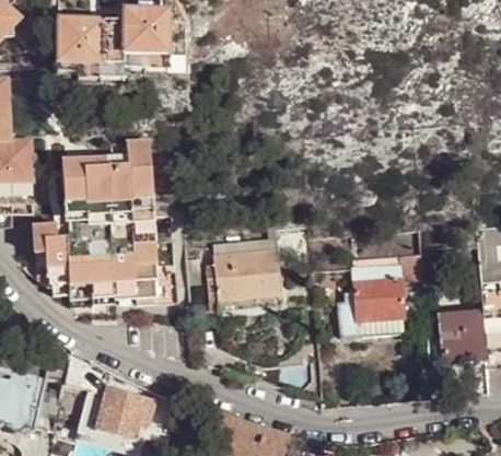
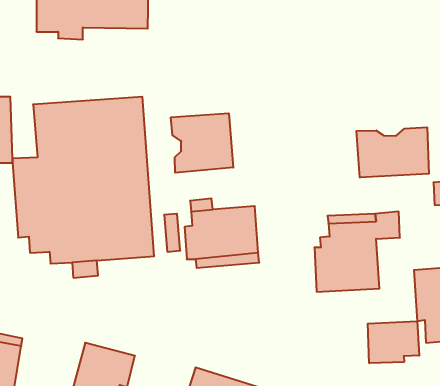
building: none -> [171,113,233,173]
building: none -> [357,127,429,178]
building: none -> [368,321,419,363]

